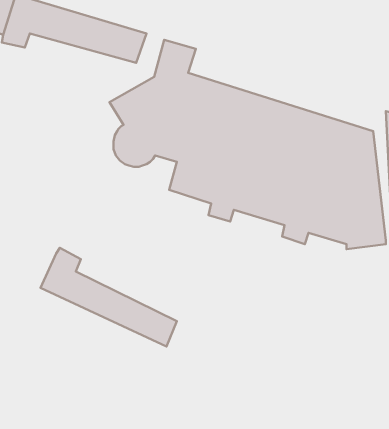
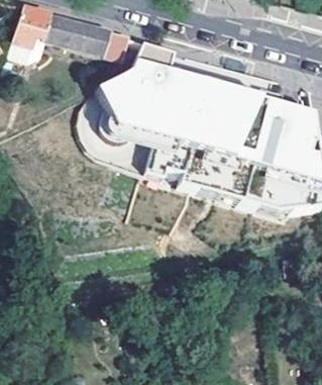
building: [41,248,177,346] -> none

